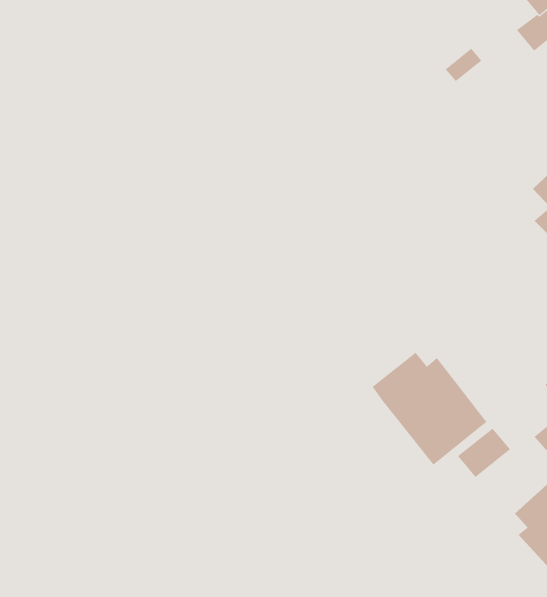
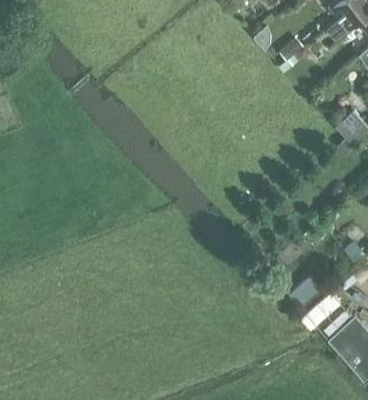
building: [372,352,487,465] -> none

